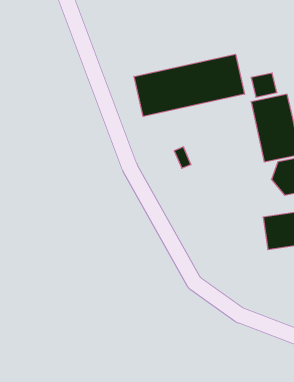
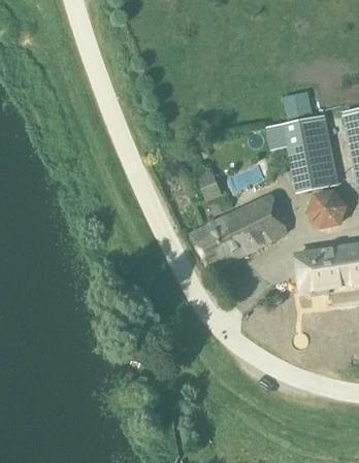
building: [134,54,245,116] -> none
building: none -> [194,194,290,268]

